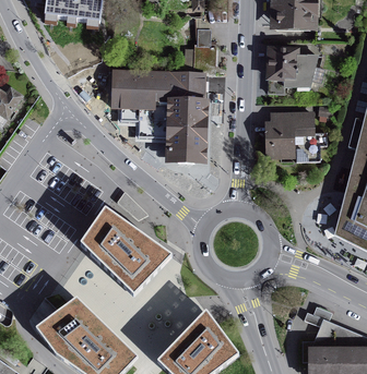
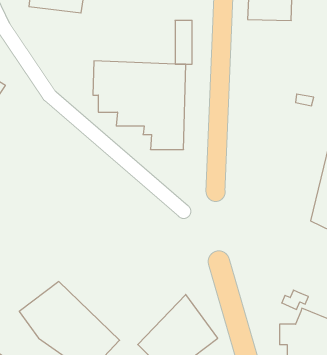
building: [263,43,319,86] -> none
building: [262,111,327,164] -> none
building: [80,209,173,297] -> none

